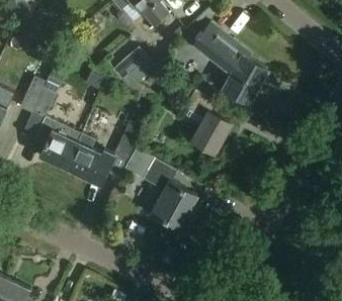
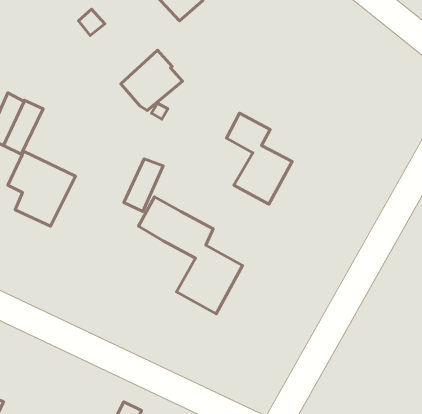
building: [194,24,267,107] -> none
building: [64,133,114,186] -> none

